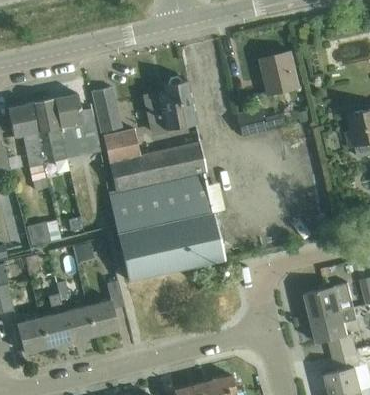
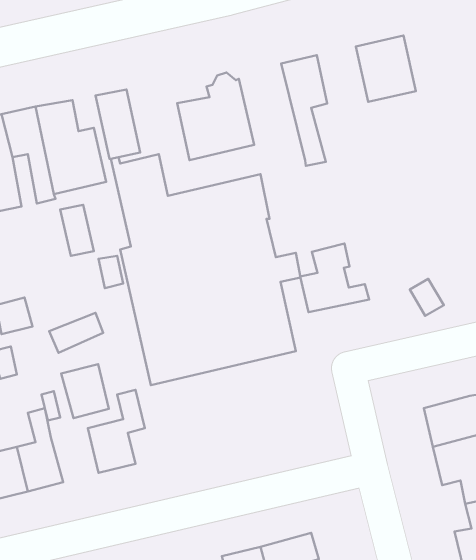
building: none -> [281,55,327,166]
building: none -> [300,244,369,312]
building: [63,307,94,342] -> [61,364,109,418]

